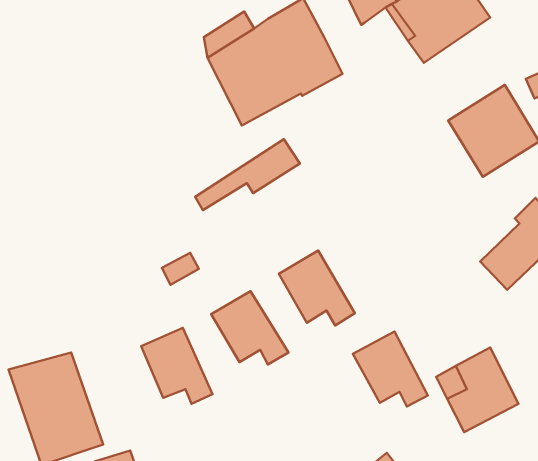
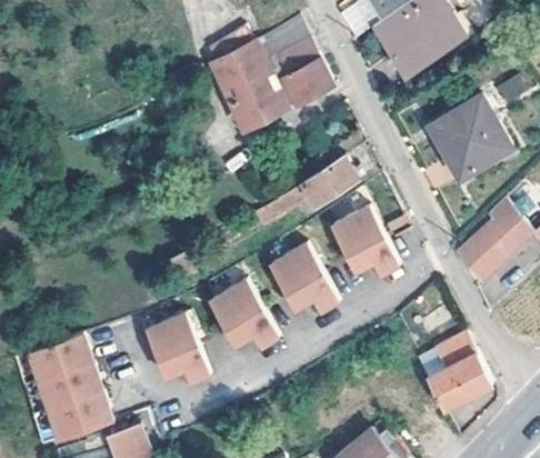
building: [195,139,300,210] -> [262,156,357,220]
building: [353,332,428,406] -> [334,209,402,277]

